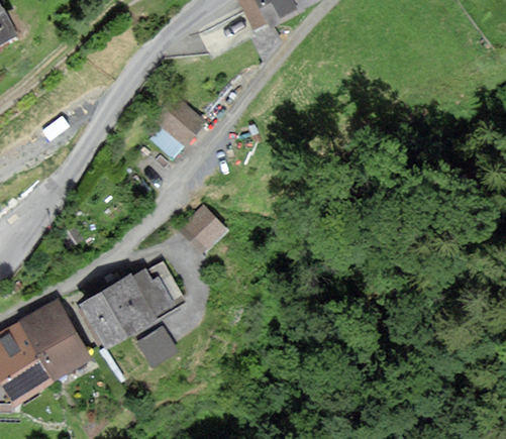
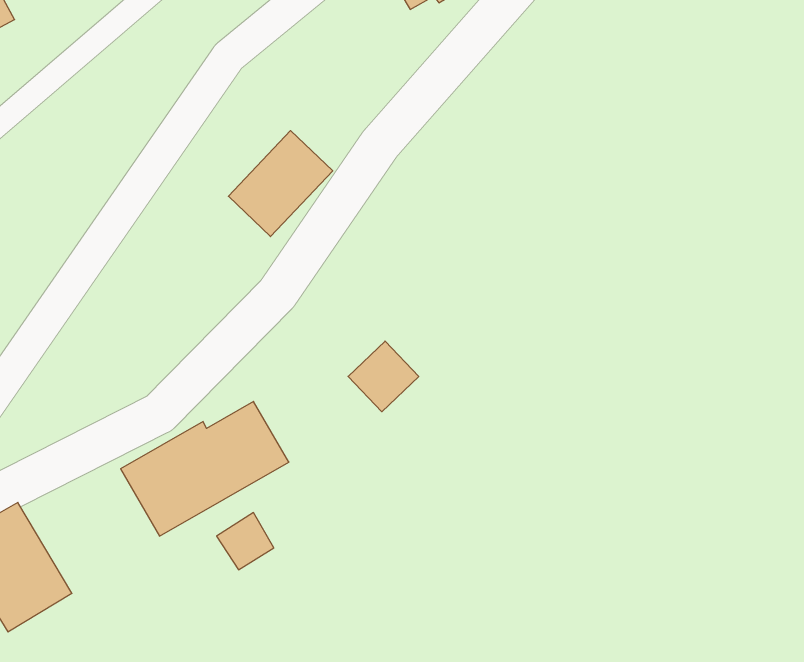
building: [181,207,223,249] -> [348,341,419,412]
building: [19,301,88,376] -> none

